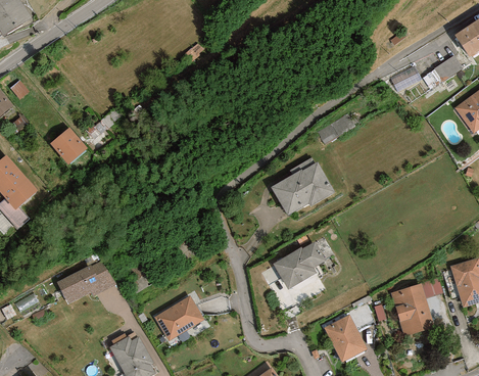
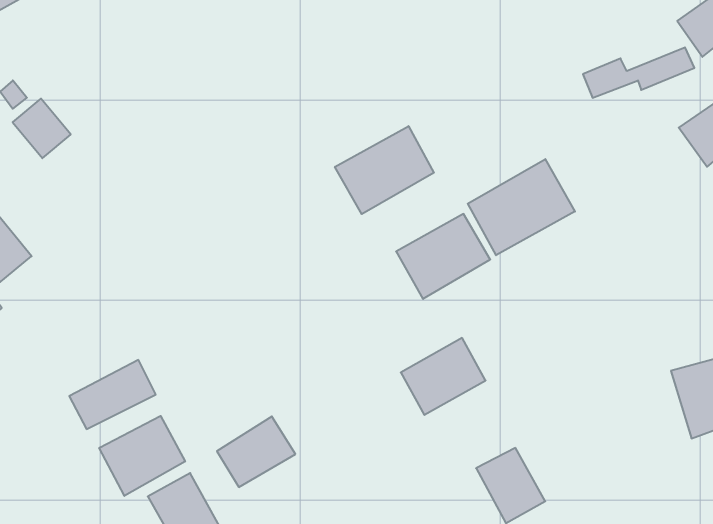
building: none -> [335,126,434,214]
building: none -> [468,159,575,255]
building: [50,129,88,168] -> [13,99,71,158]
building: [391,284,434,337] -> none
building: none -> [99,416,185,496]

